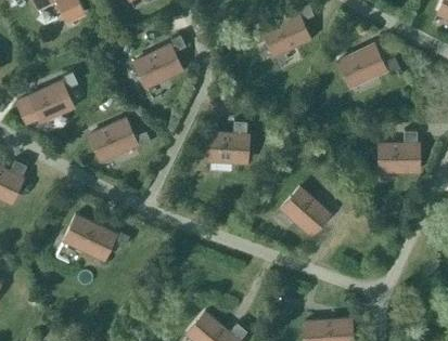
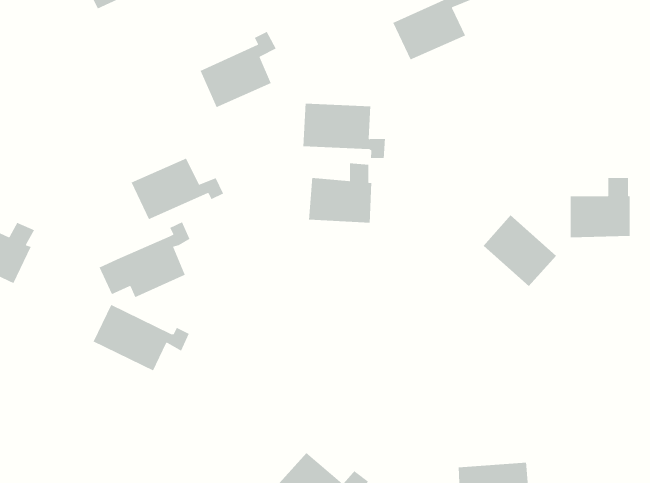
building: [338,45,400,87] -> none
building: [16,71,77,122] -> [98,221,191,298]
building: none -> [303,103,386,159]
building: [281,187,330,235] -> [483,215,557,287]

